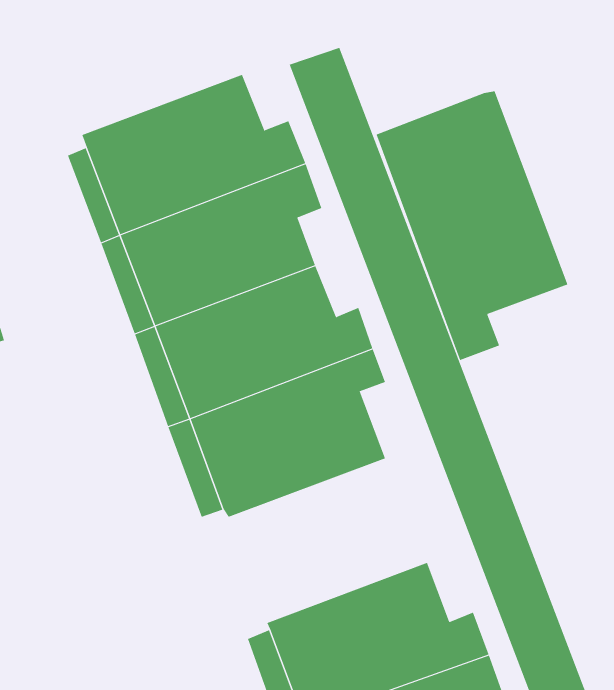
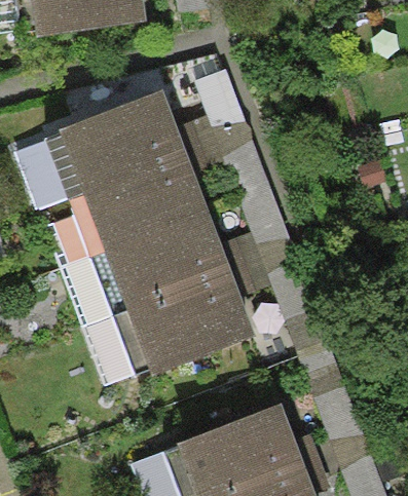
building: [376,91,568,361] -> none

